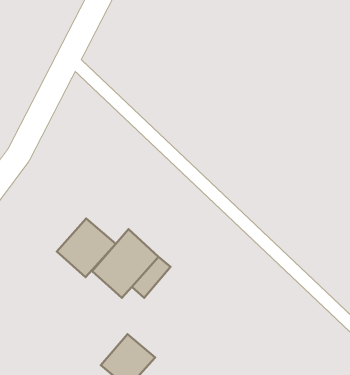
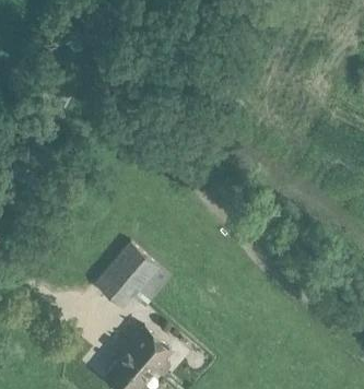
building: [57,218,116,277] -> none
building: none -> [130,329,172,375]

